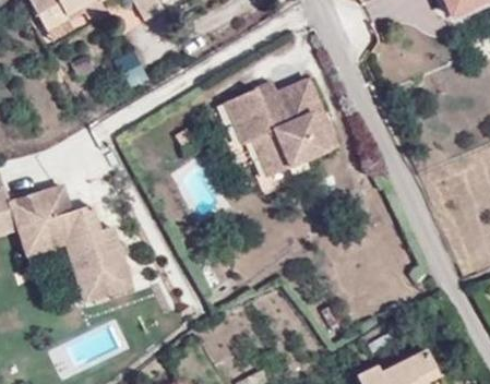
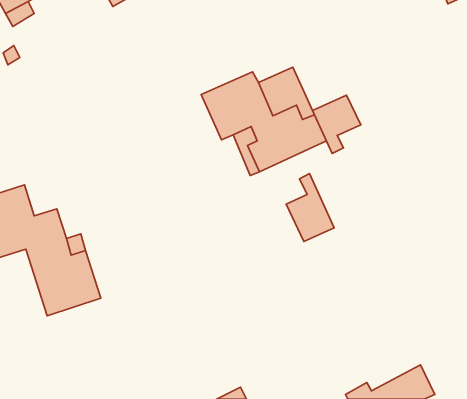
building: none -> [313,95,361,154]
building: none -> [286,174,334,242]

